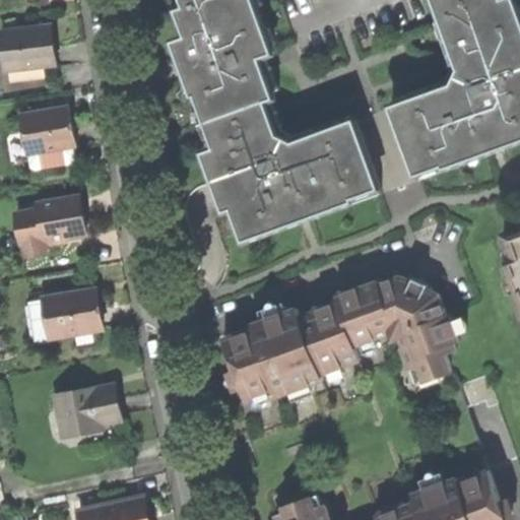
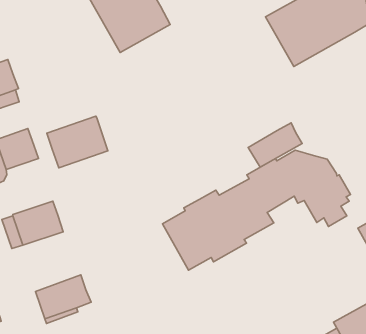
building: [203,101,375,238] -> none
building: none -> [47,116,108,168]
building: none -> [248,123,302,167]

